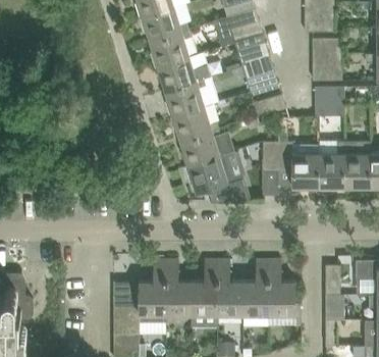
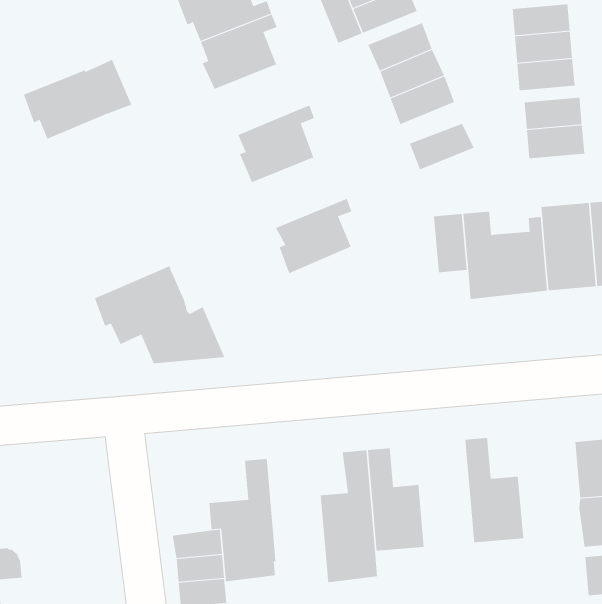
building: [155,53,211,92] -> [23,59,132,140]
building: [170,107,219,142] -> none
building: [185,153,251,203] -> [94,266,225,364]
building: [243,260,269,327] -> none
building: [166,261,192,314] -> none

